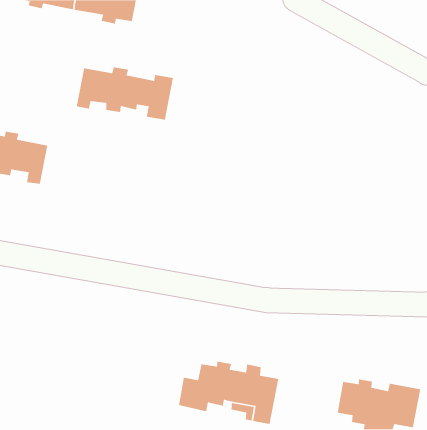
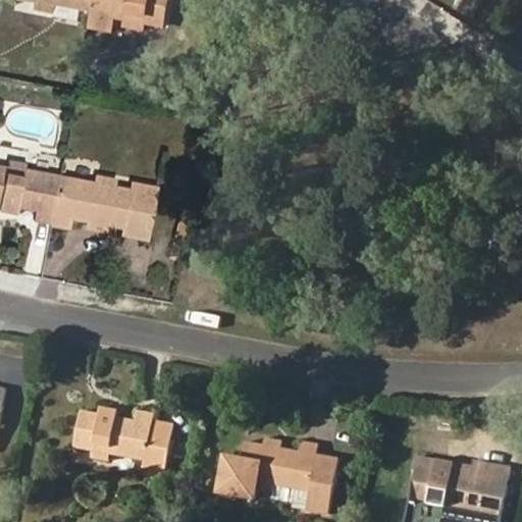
building: [76,67,174,120] -> [49,174,167,240]
building: none -> [71,405,172,472]

